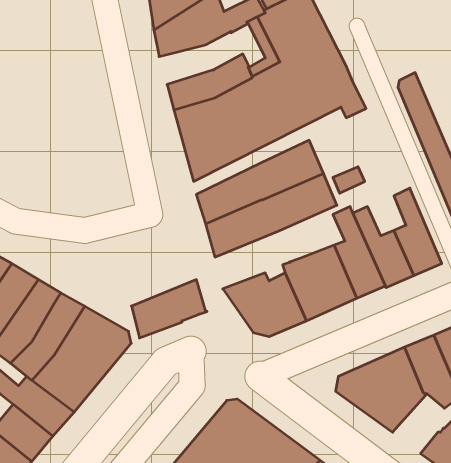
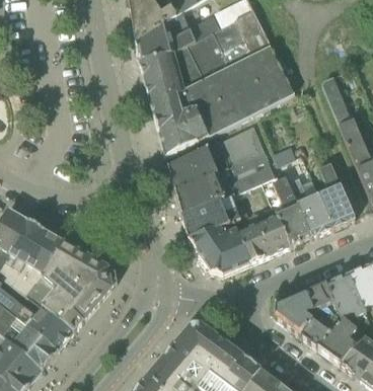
building: none -> [139,42,203,82]
building: [131,280,207,338] -> [181,193,239,238]
building: none -> [317,317,357,364]

